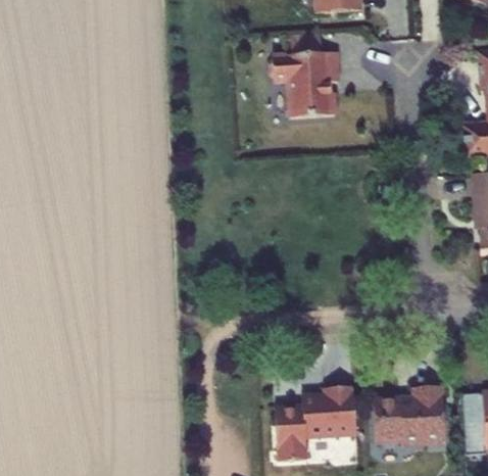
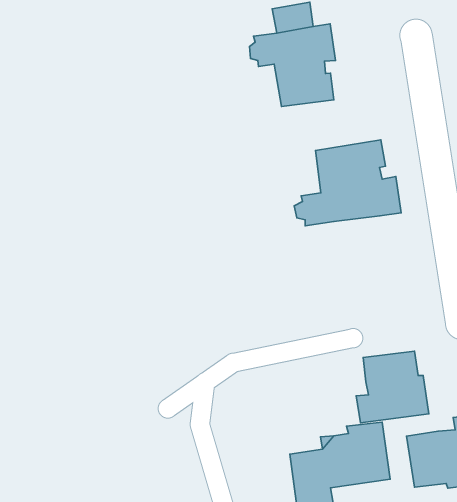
building: none -> [294,140,401,226]
building: none -> [356,351,429,423]

